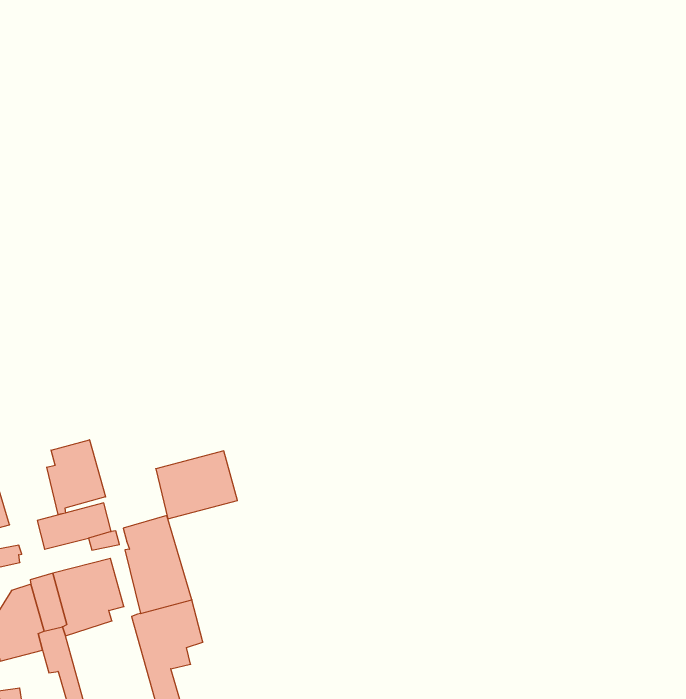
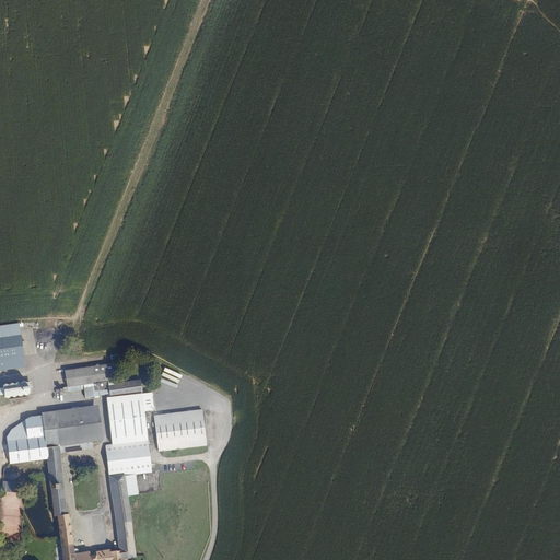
building: [47,440,106,515] -> none
building: [156,451,237,519] -> [155,410,209,452]

